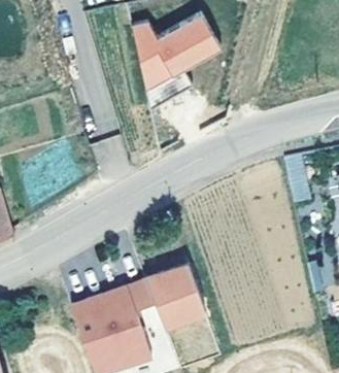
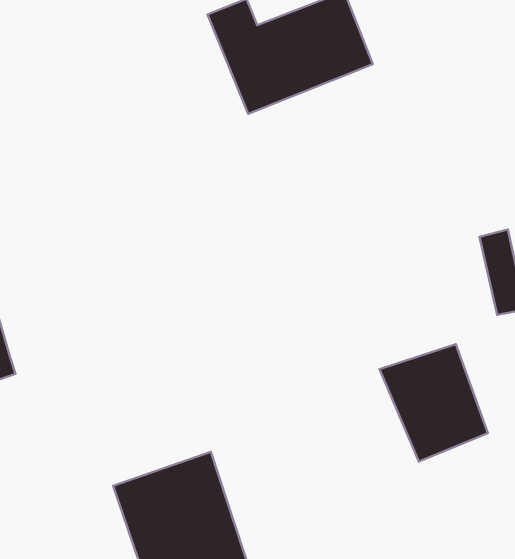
building: [144,265,207,333] -> [380,344,488,462]

